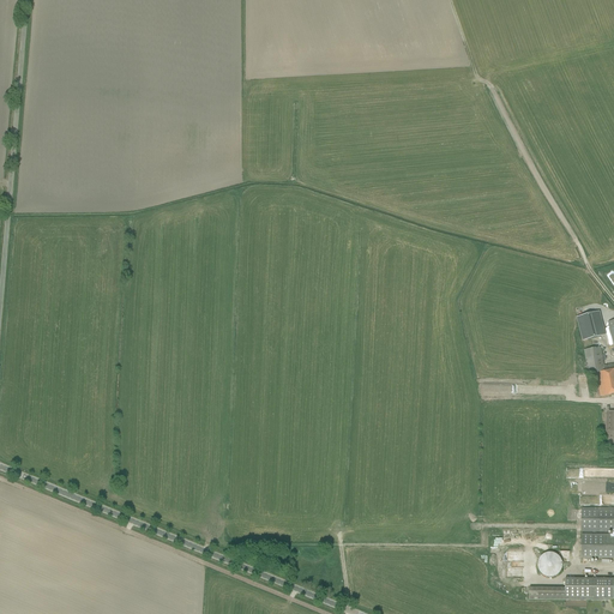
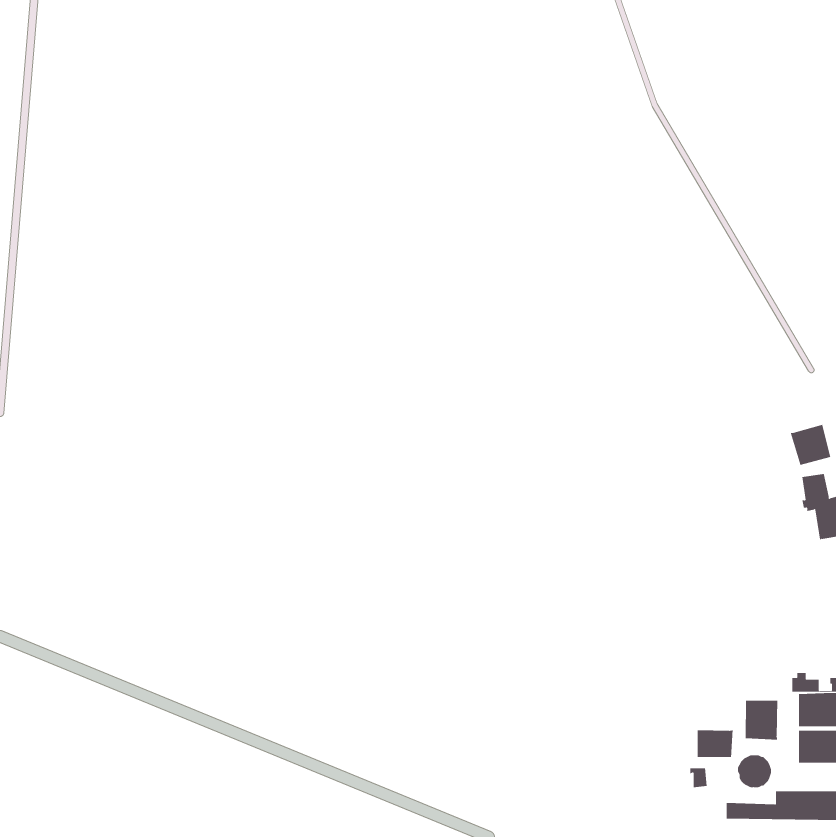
building: none -> [745,700,778,741]
building: none -> [697,730,733,758]

